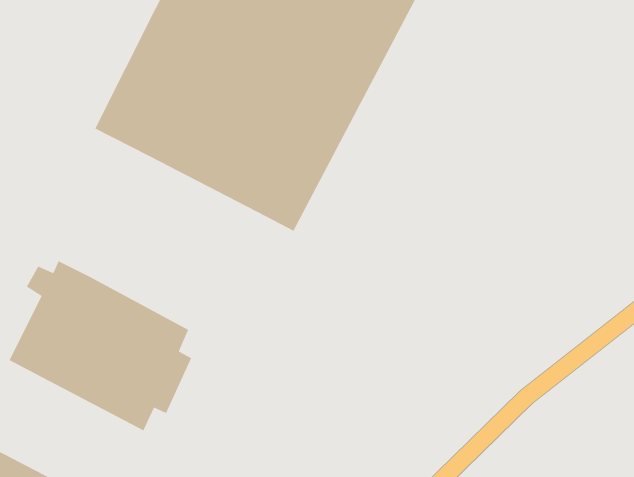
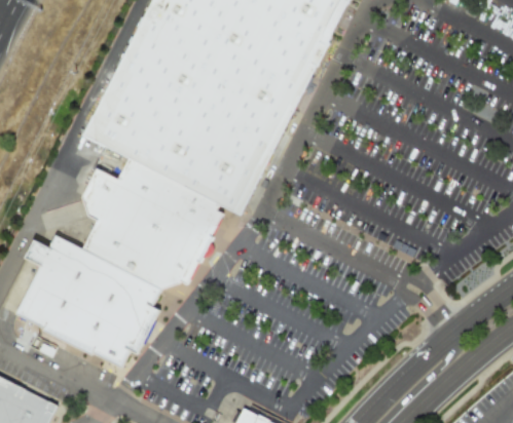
building: none -> [81,157,220,290]

